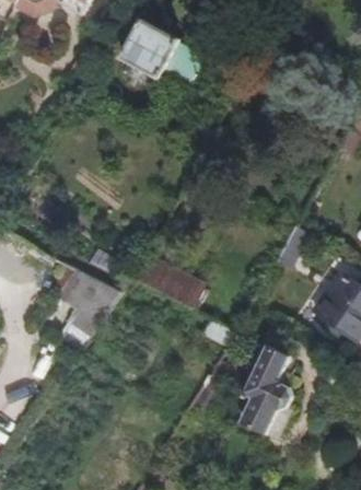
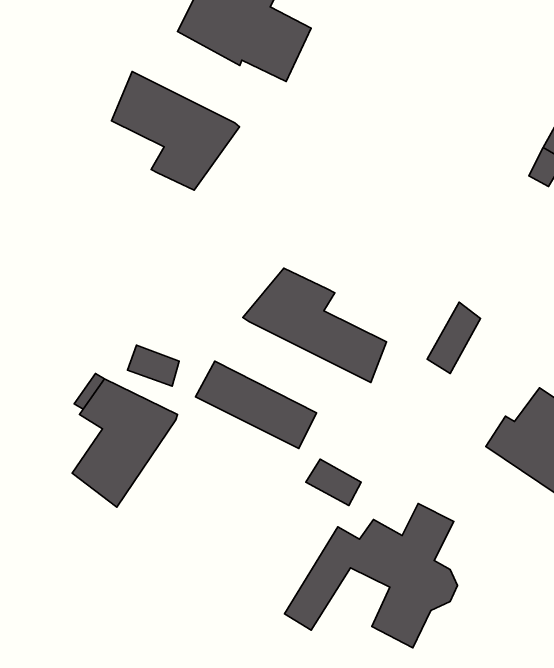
building: none -> [111,72,239,190]
building: none -> [243,268,387,383]

